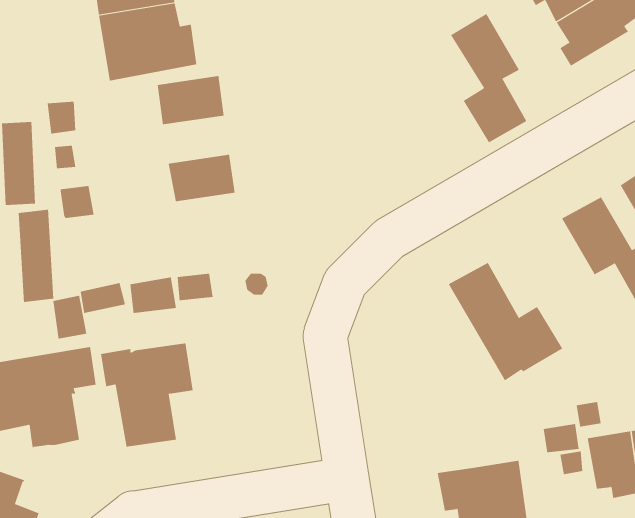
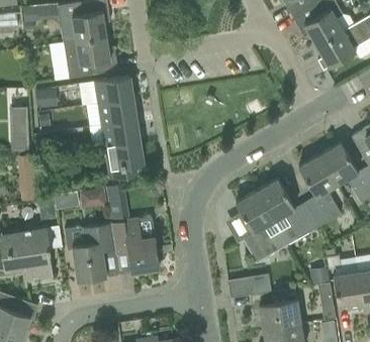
building: [450,13,527,143] -> [298,154,341,226]
building: none -> [98,98,135,124]
building: none -> [105,140,143,179]
building: none -> [236,191,287,262]
building: none -> [111,216,160,272]
building: none -> [227,275,270,298]

